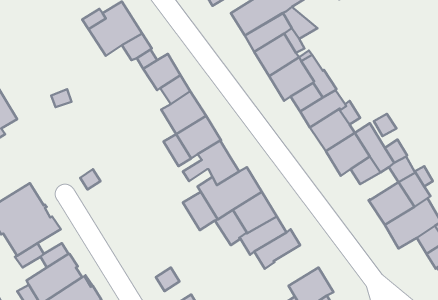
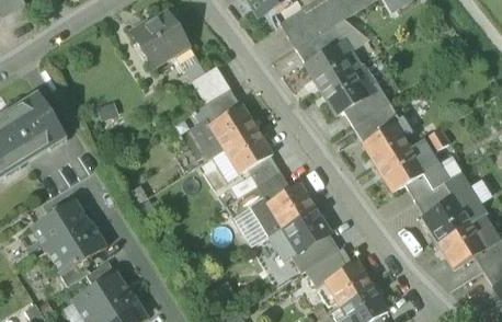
building: none -> [190,101,225,158]
building: none -> [413,182,453,216]
building: none -> [324,260,370,303]

